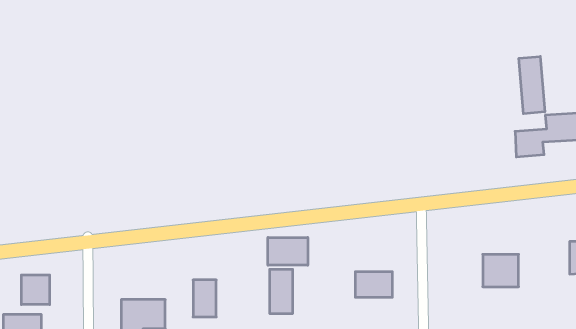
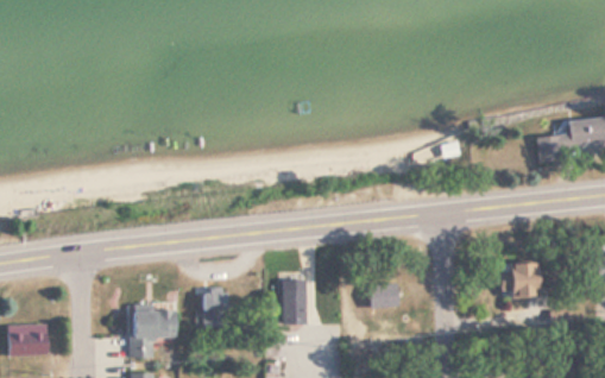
building: [519,56,545,114] -> none
building: [268,237,308,265] -> none
building: [21,275,50,305] -> none

